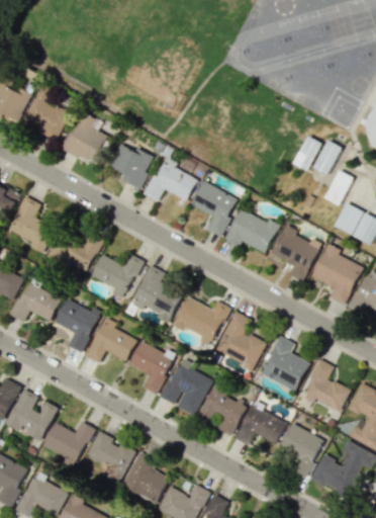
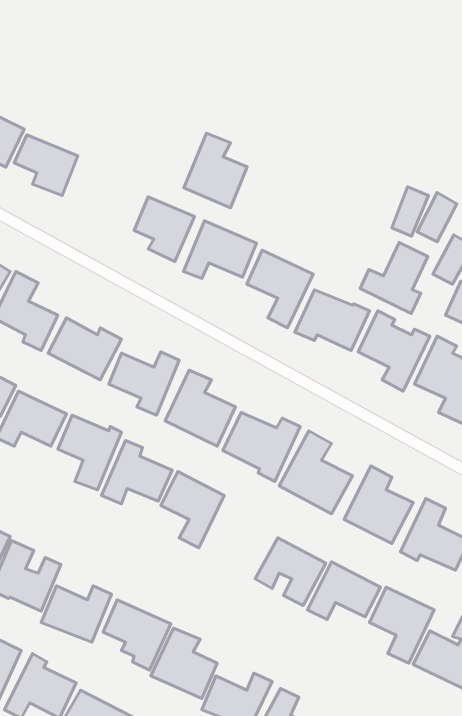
building: [63,112,108,166] -> [184,133,247,208]
building: none -> [360,243,428,313]
building: [160,358,212,416] -> none

